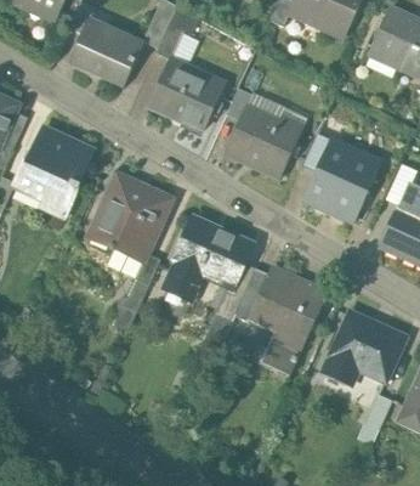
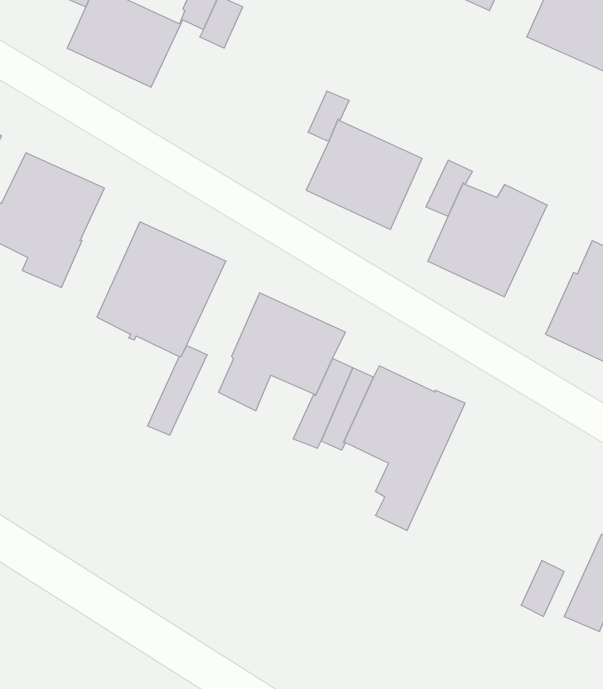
building: [148,64,225,129] -> none
building: [322,311,405,384] -> none

